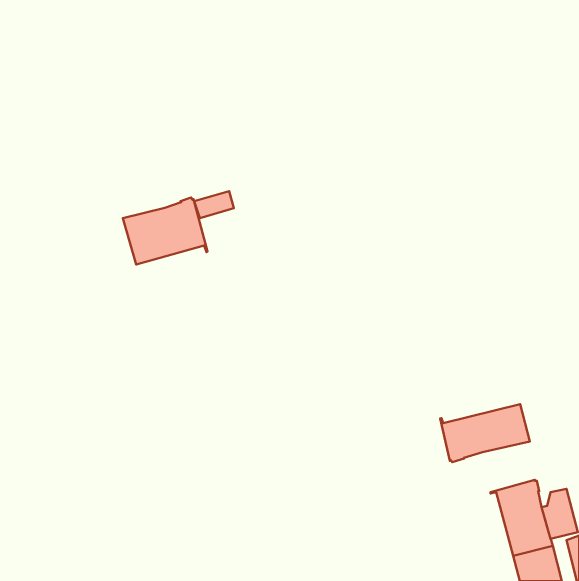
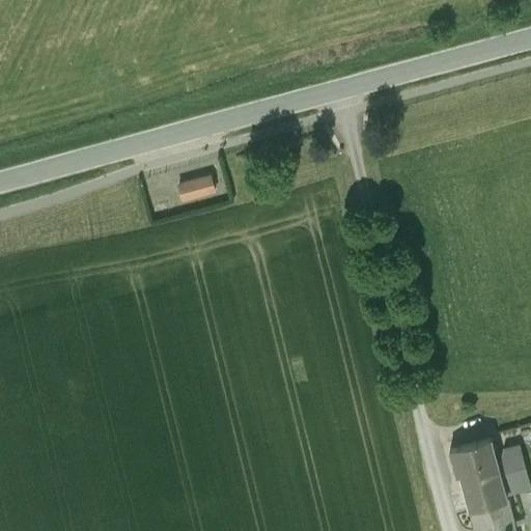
building: [123,198,208,265] -> none
building: [440,404,530,462] -> none

